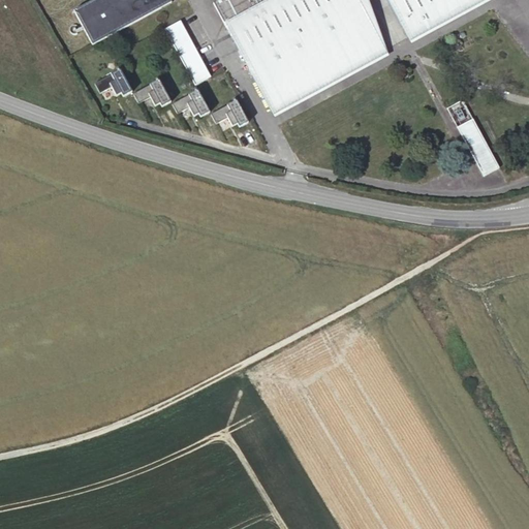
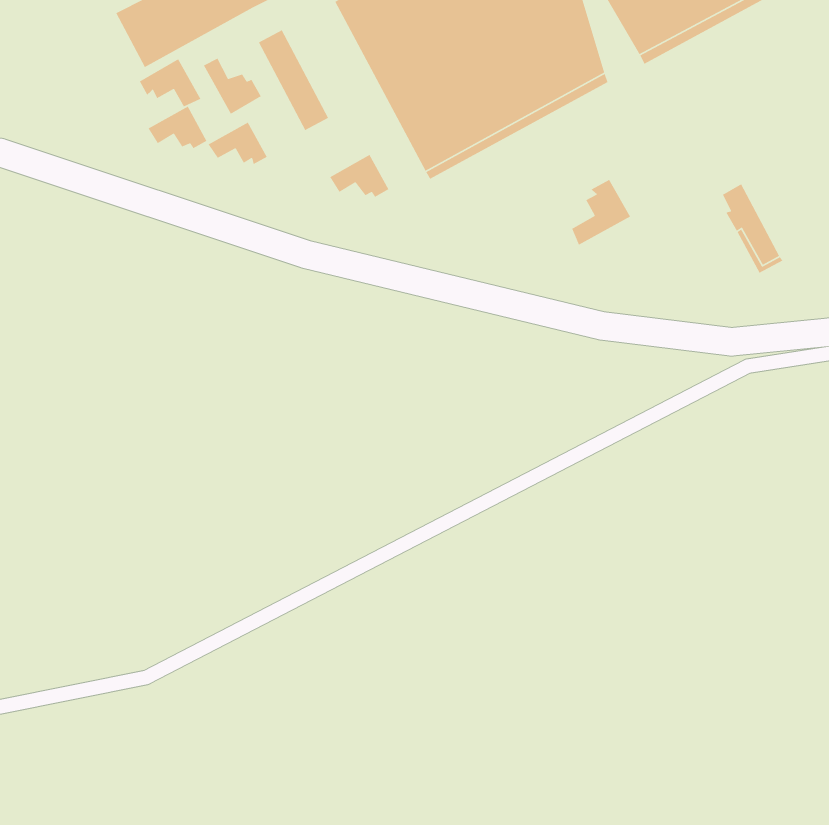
building: none -> [203,58,262,115]
building: none -> [139,58,202,108]
building: [172,88,210,116] -> none
building: none -> [571,179,631,246]

